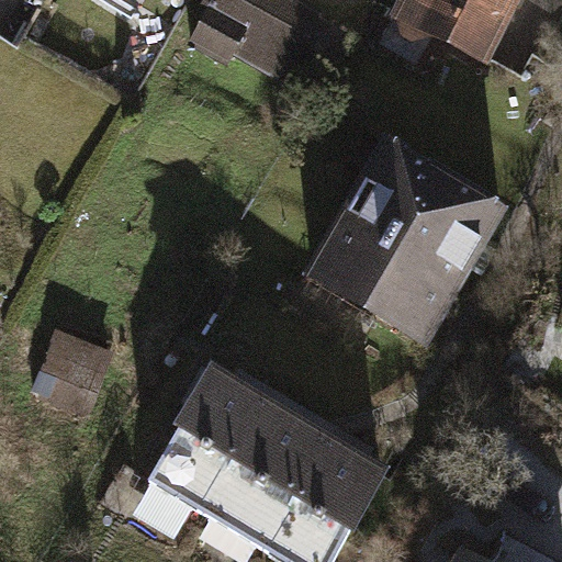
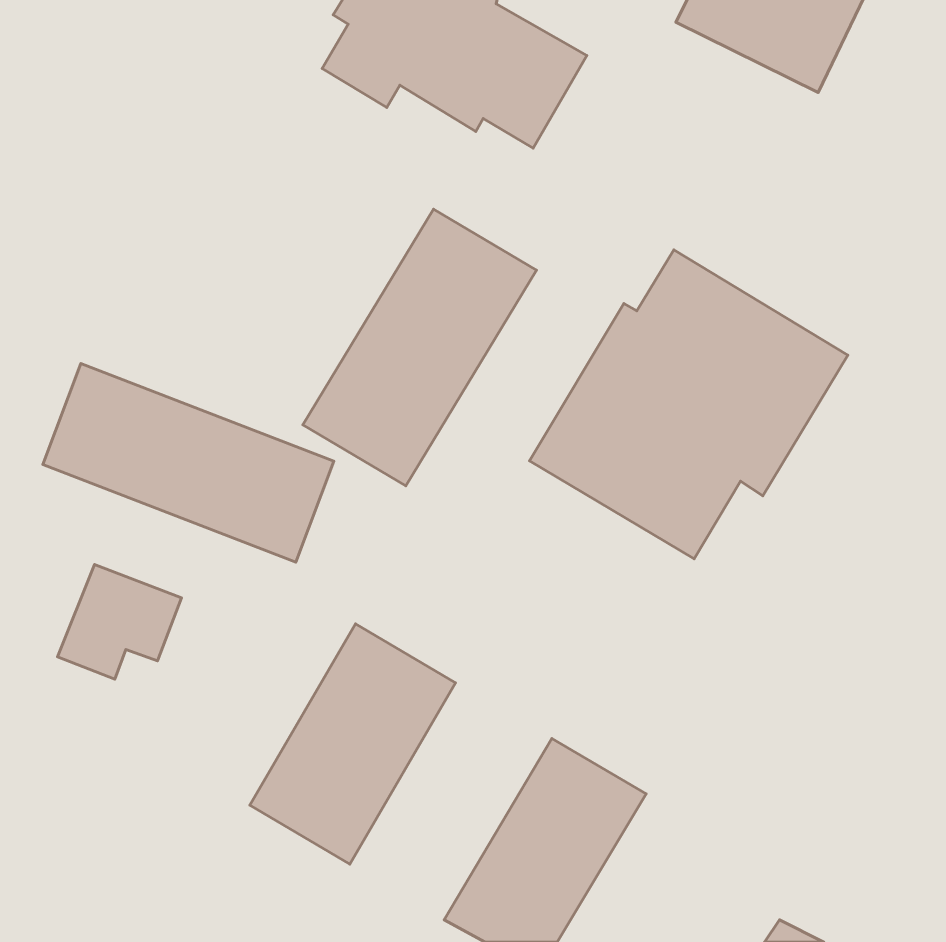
building: none -> [303,209,536,486]
building: none -> [43,363,334,562]
building: [207,405,327,546] -> none

